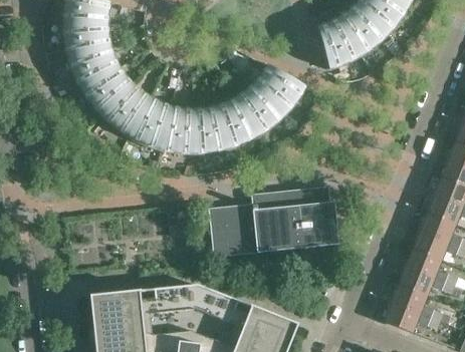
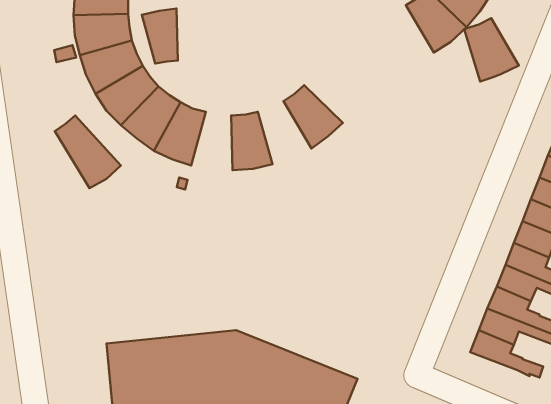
building: [316,17,362,69] -> [464,18,519,81]
building: none -> [142,9,178,63]
building: [254,64,307,114] -> none
building: [216,96,260,148] -> none
building: [161,105,195,153] -> none
building: none -> [55,115,121,188]
building: [209,187,339,257] -> none
building: [385,304,441,333] -> none

